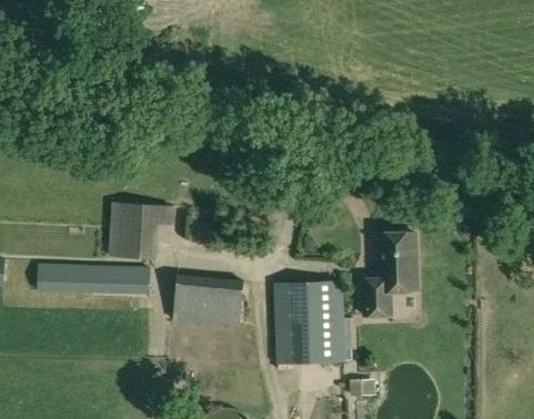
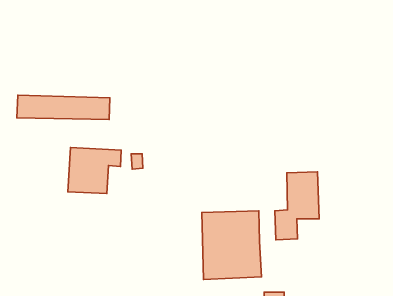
building: [37,264,151,294] -> [17,95,110,119]
building: [175,276,242,325] -> none

